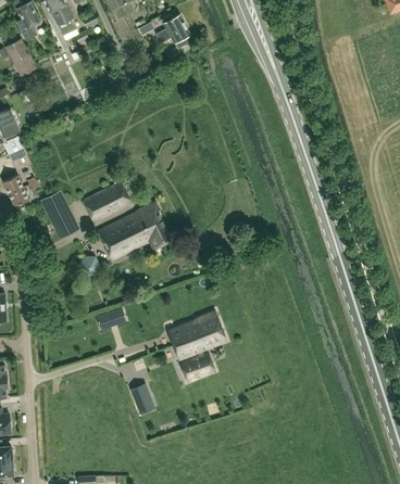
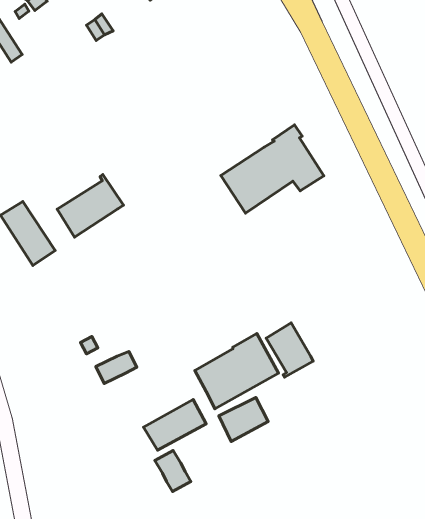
building: [98,202,172,260] -> [221,125,324,213]
building: none -> [266,323,313,377]
building: none -> [144,399,206,450]

